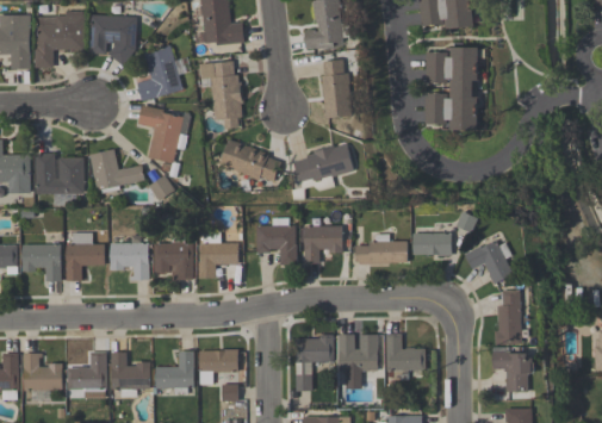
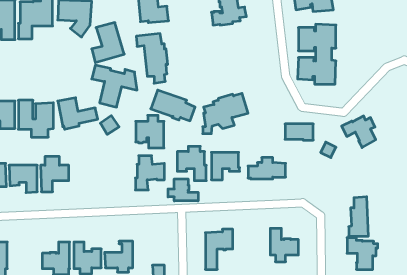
building: [321,61,353,119] -> none
building: [412,234,452,256] -> [285,124,313,140]
building: [154,235,193,280] -> [136,115,164,148]
building: [466,240,514,284] -> [342,116,376,148]
building: [110,243,149,280] -> none
building: none -> [168,179,198,201]
building: [339,332,378,388] -> none
building: [199,348,238,384] -> none
building: [24,352,63,390] -> none

